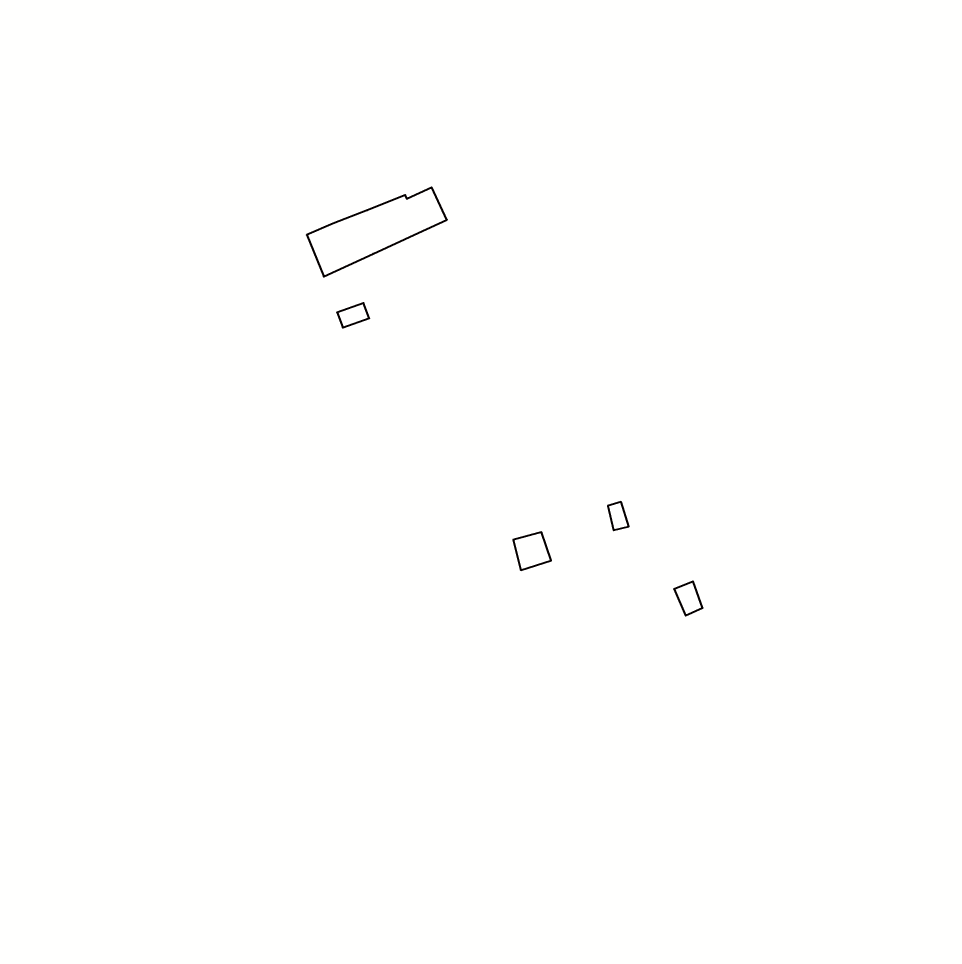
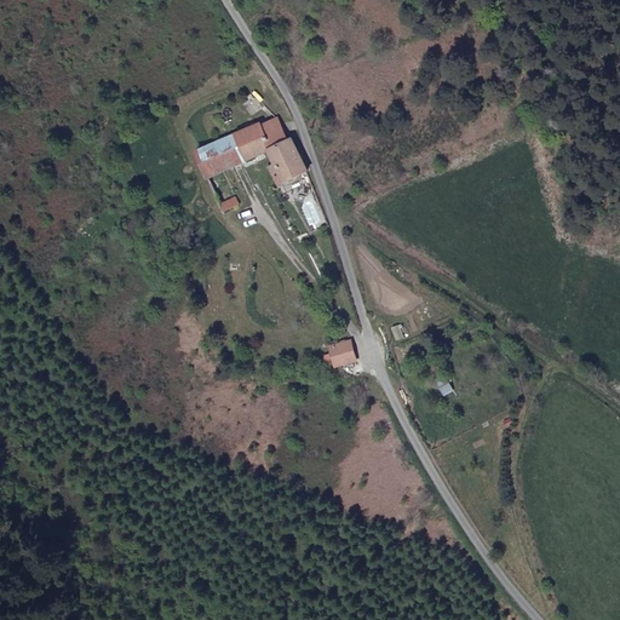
building: none -> [268,138,305,182]

